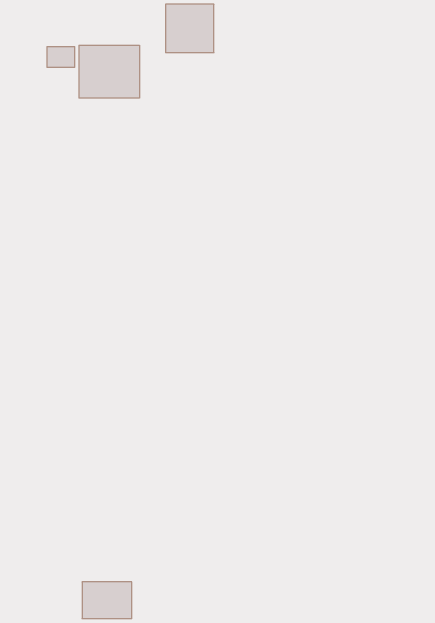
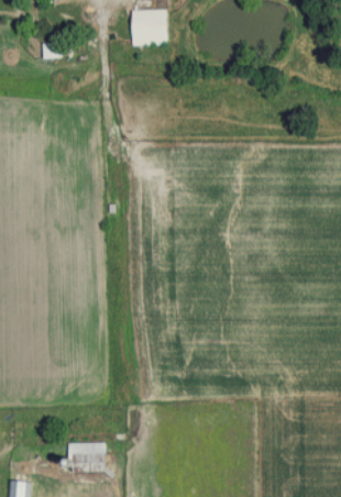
building: [79,45,139,98] -> none

